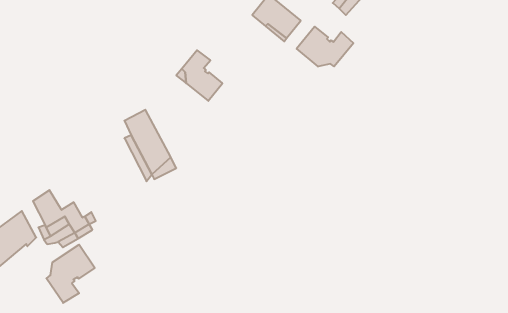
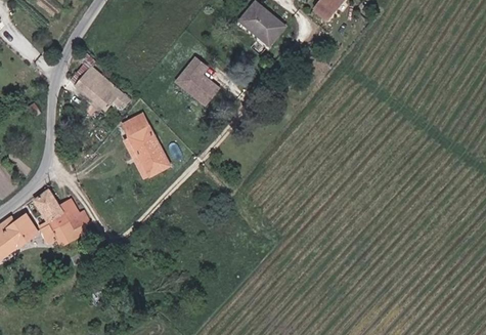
building: [297,27,353,67] -> none
building: none -> [75,66,134,109]
building: [46,245,95,303] -> none

